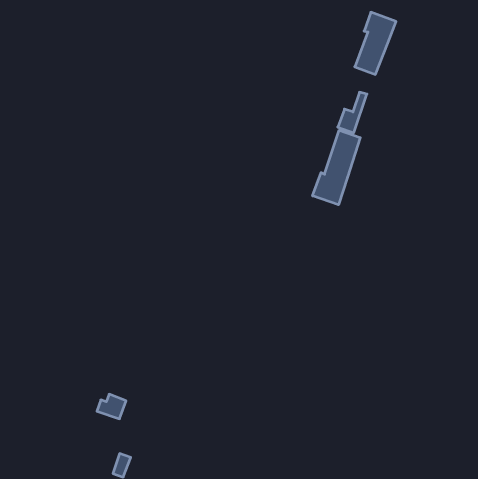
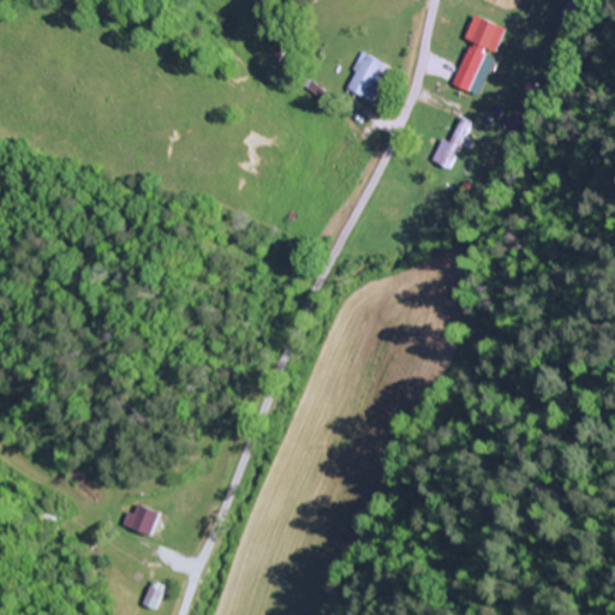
building: none -> [346,52,390,102]
building: [313,130,360,205] -> none

